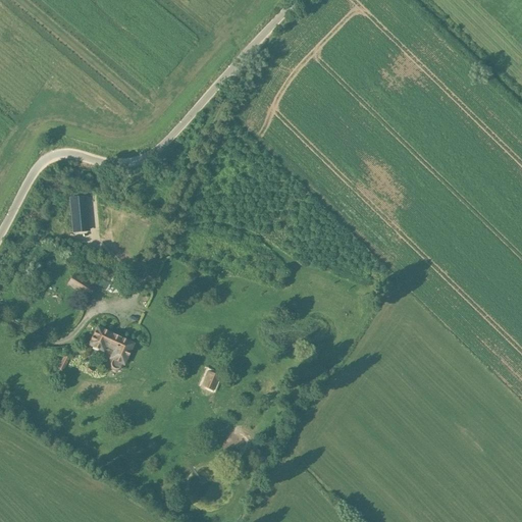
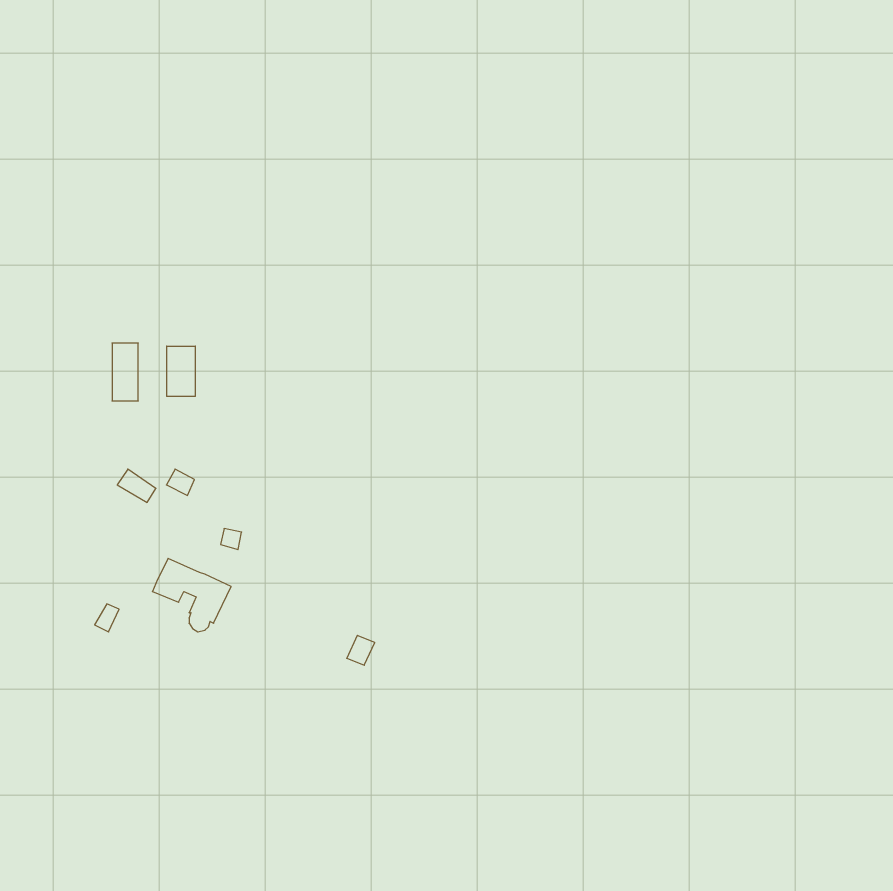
building: none -> [167,346,195,396]

